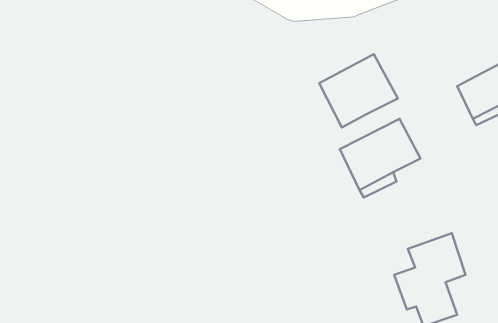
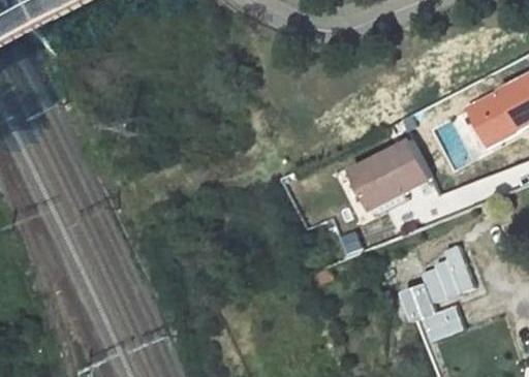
building: [319,54,398,128] -> none

